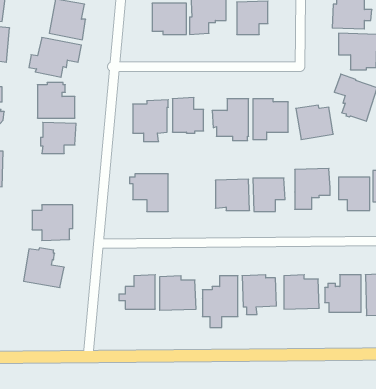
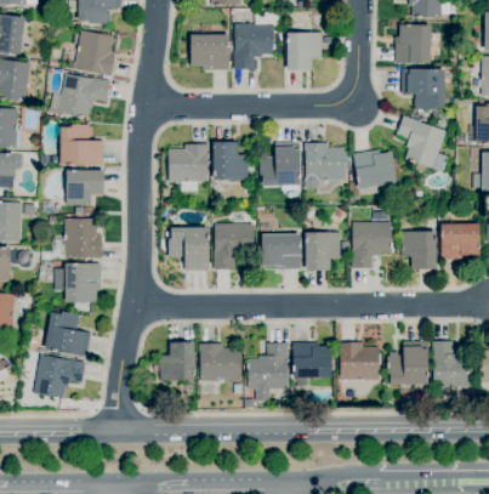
building: none -> [62,217,102,257]
building: none -> [214,223,256,269]
building: none -> [34,354,85,398]

